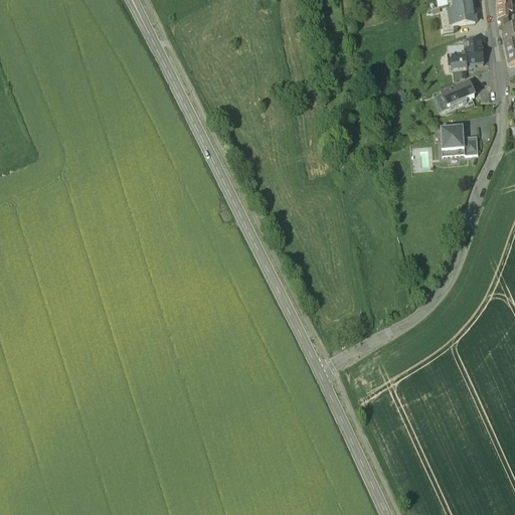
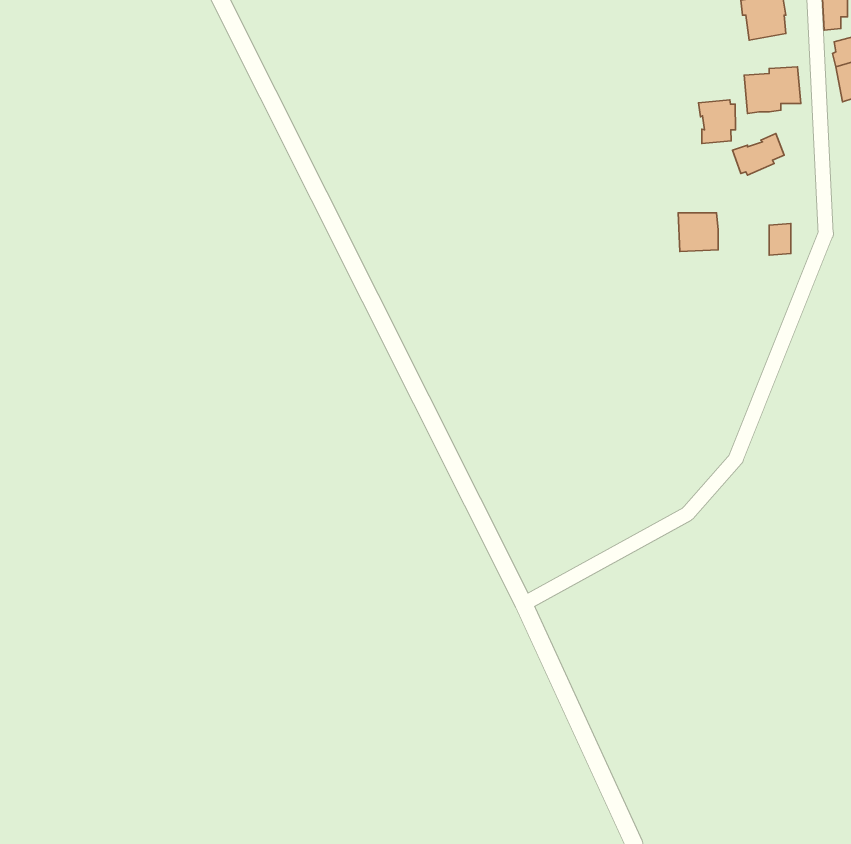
building: none -> [698,100,736,144]
building: [441,126,465,149] -> [678,213,718,251]

